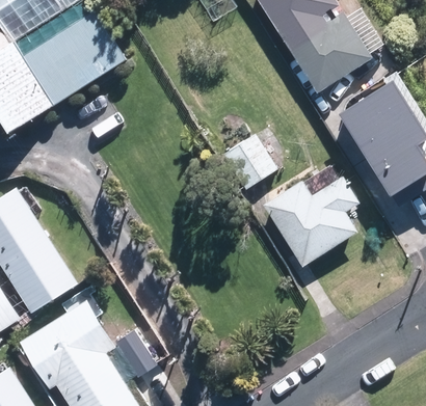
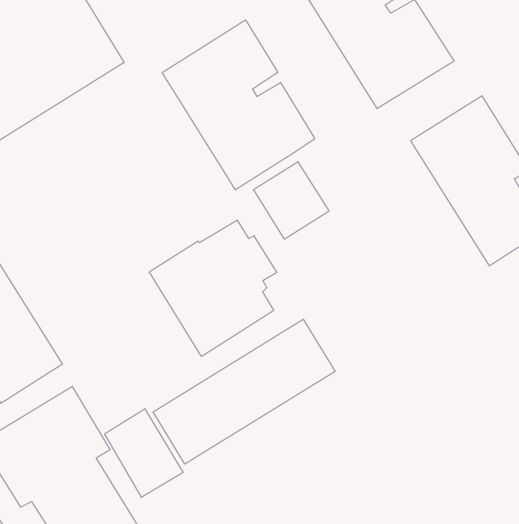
building: none -> [162,20,315,190]
building: [261,165,355,266] -> [149,220,277,356]
building: none -> [153,319,335,464]

